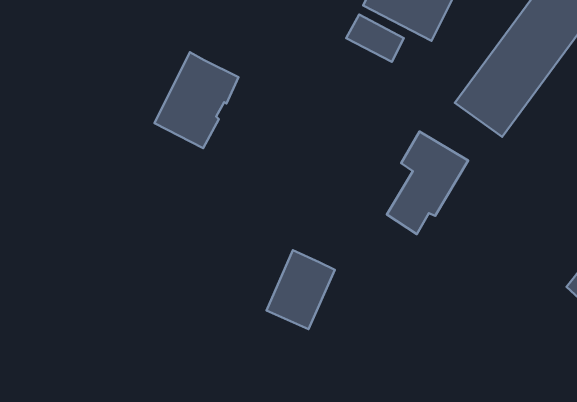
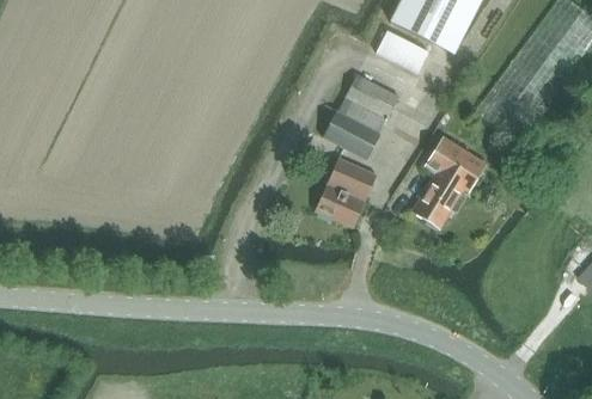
building: [154,52,238,148] -> [323,74,399,161]
building: [267,250,335,329] -> [315,158,377,229]

